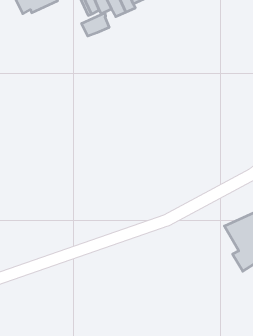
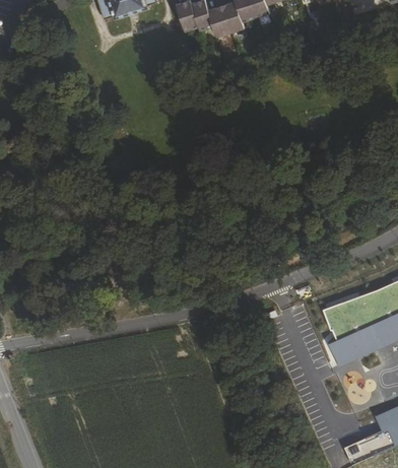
building: [82,13,109,36] -> none

